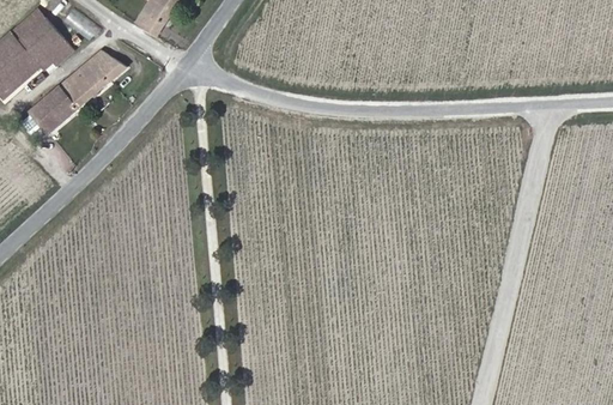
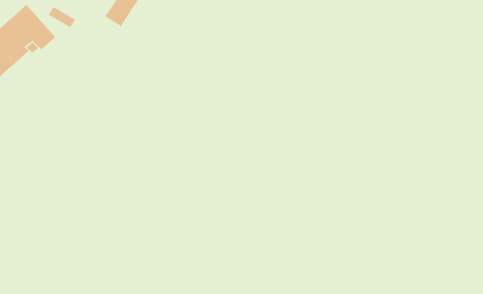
building: [29,50,127,133] -> none

